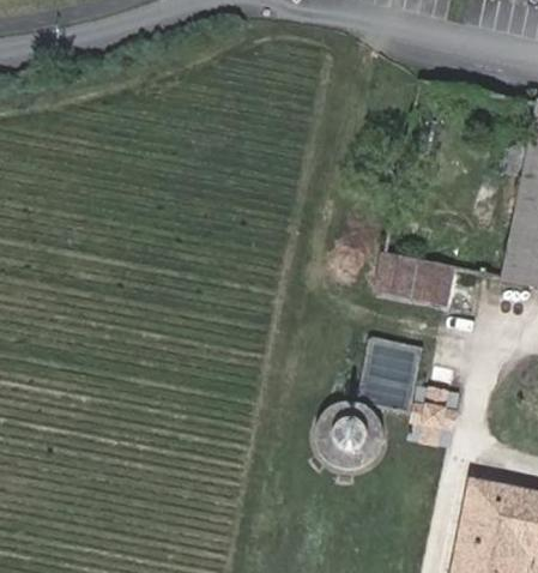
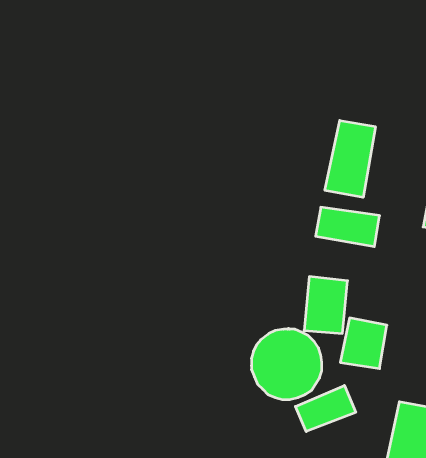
building: none -> [325,120,375,197]
building: none -> [295,385,356,432]

